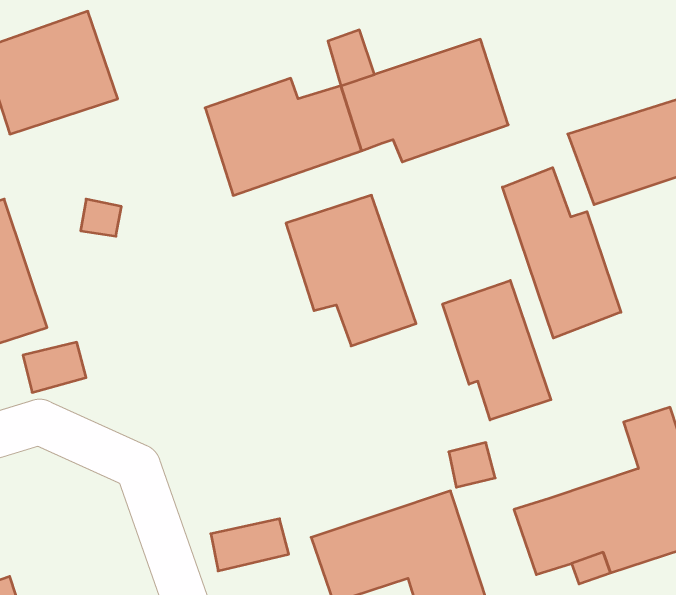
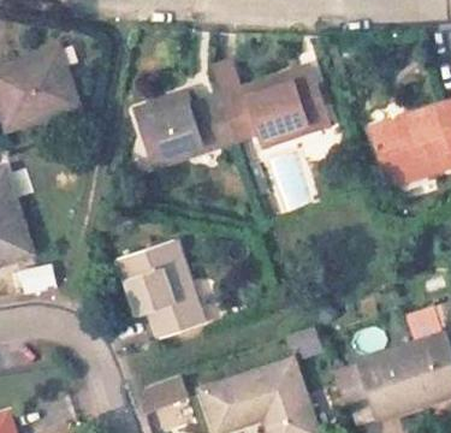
building: [502,168,621,338] -> none
building: [286,195,416,346] -> [119,239,203,337]
building: [443,280,551,420] -> none

